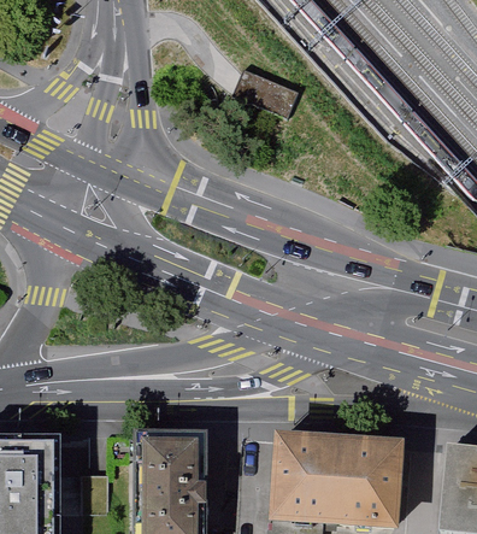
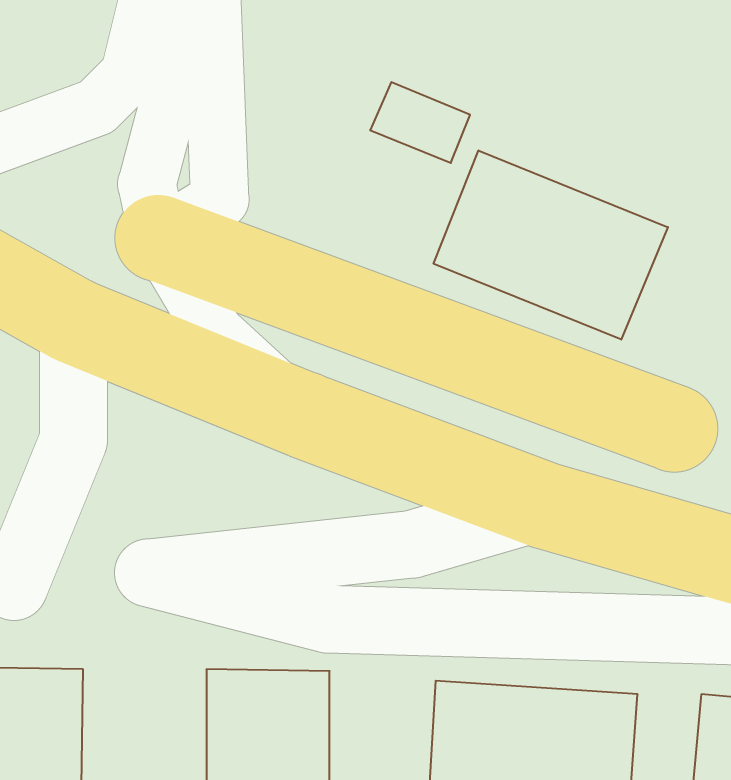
building: none -> [434,150,668,340]

